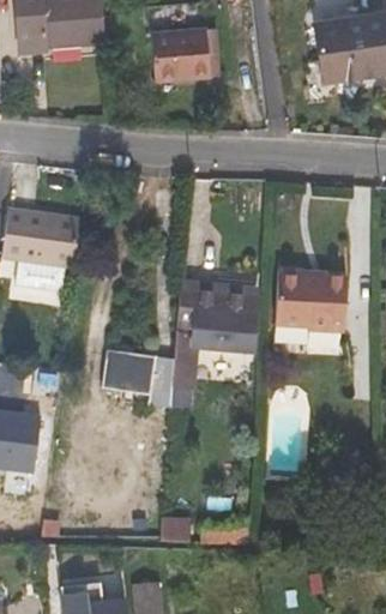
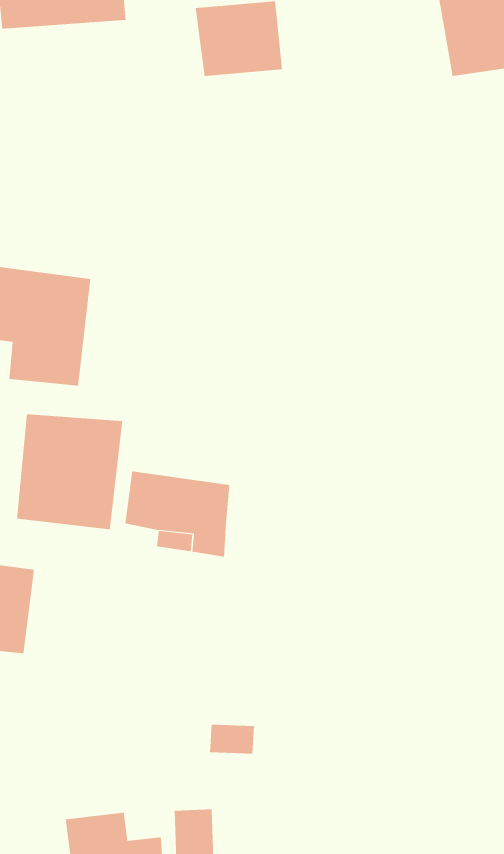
building: [275,271,344,331] -> none
building: [171,285,254,387] -> none
building: none -> [16,413,123,530]

